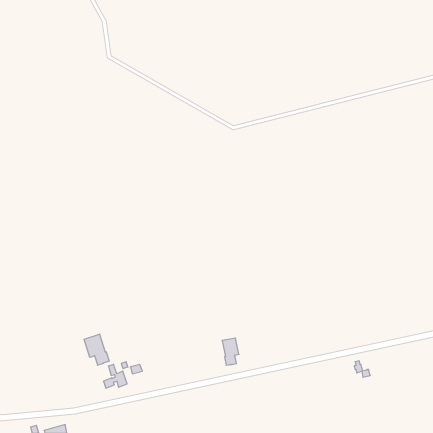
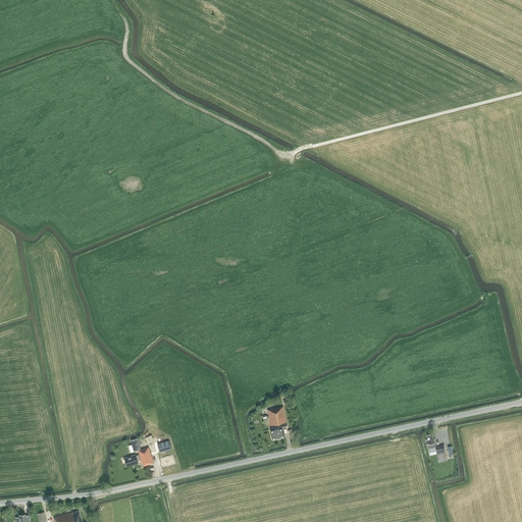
building: [84,334,109,365] -> none

